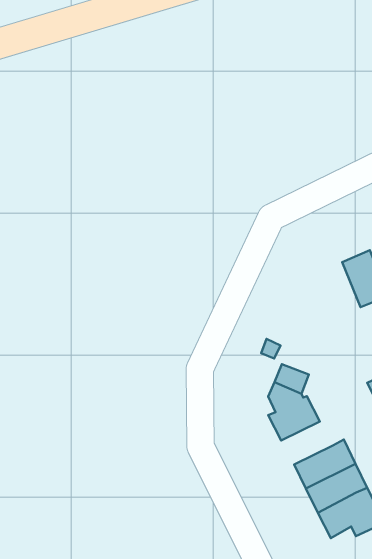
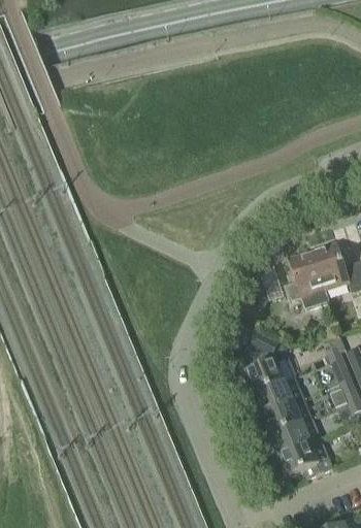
building: none -> [285,250,330,308]
building: none -> [253,375,304,414]

